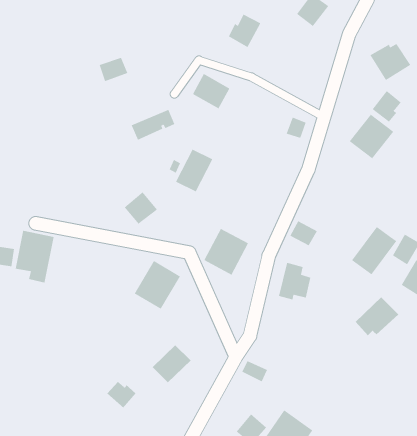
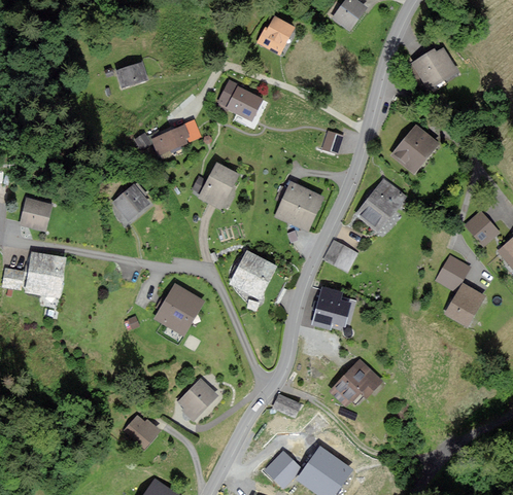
building: [372,90,402,122] -> none
building: none -> [277,182,326,232]
building: none -> [21,198,55,233]
building: [124,192,158,225] -> [113,185,150,221]
building: [351,226,397,275] -> [356,179,407,233]
building: [355,296,399,336] -> [332,360,380,403]

